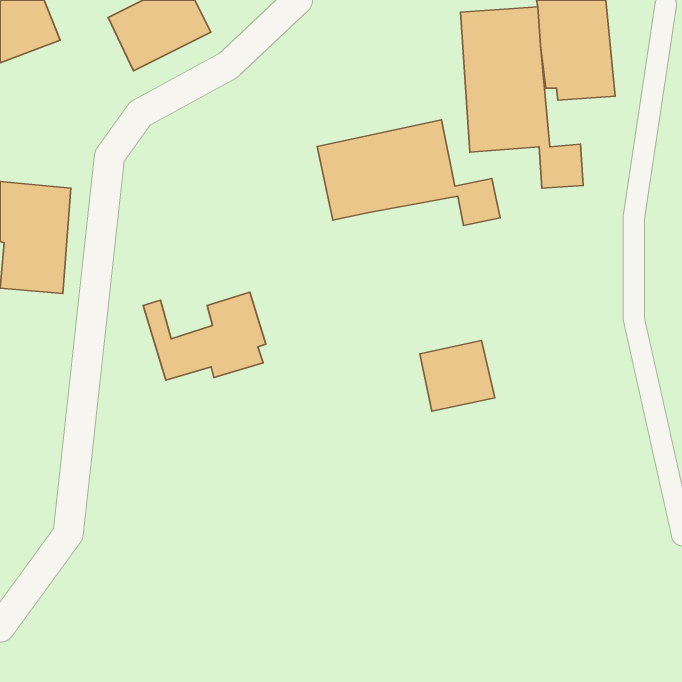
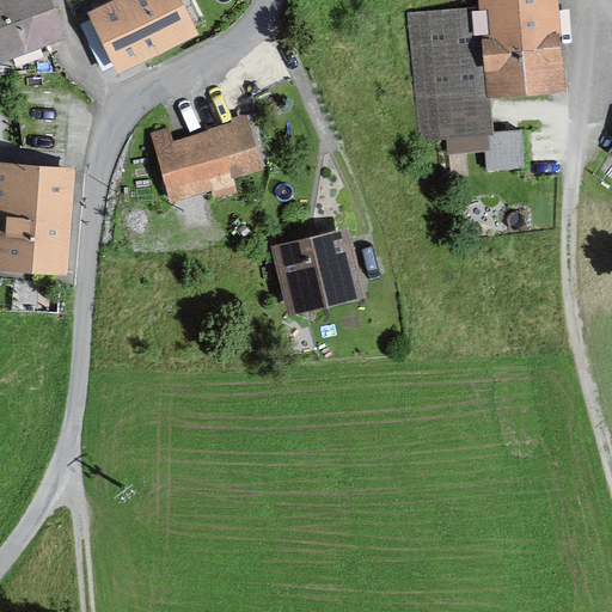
building: [317,120,500,226] -> none
building: [143,292,266,380] -> [152,122,262,201]
building: [420,341,495,411] -> [287,239,354,302]

